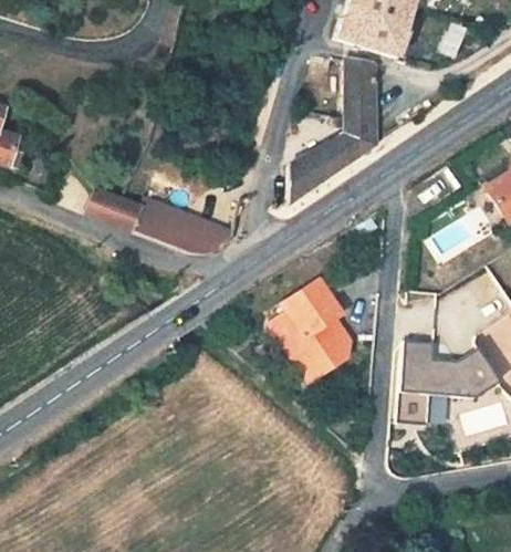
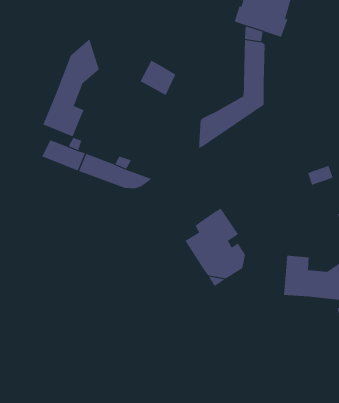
building: none -> [43,38,99,137]
building: none -> [140,60,176,96]
building: [397,392,432,425] -> none

